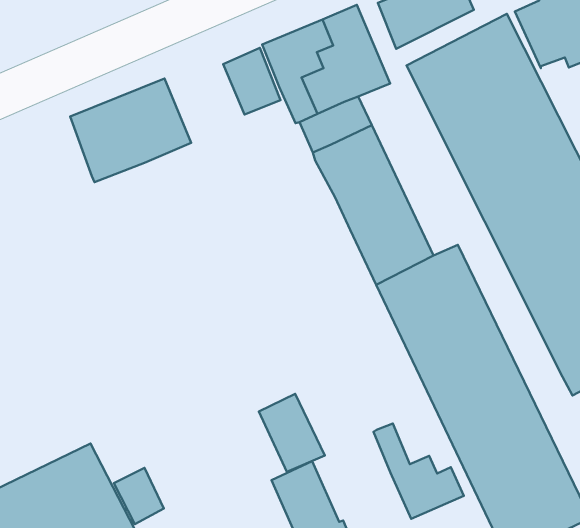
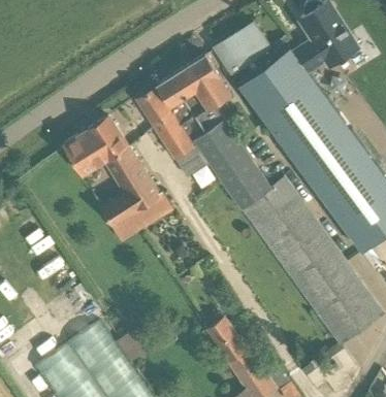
building: none -> [154,115,212,179]
building: none -> [98,147,172,245]
building: [259,394,325,472] -> none
building: [373,423,464,519] -> none

